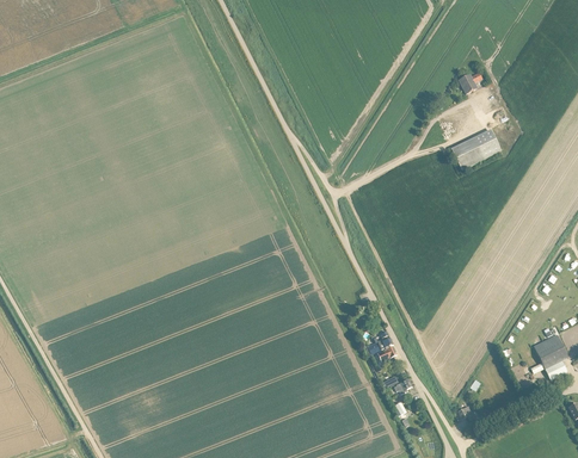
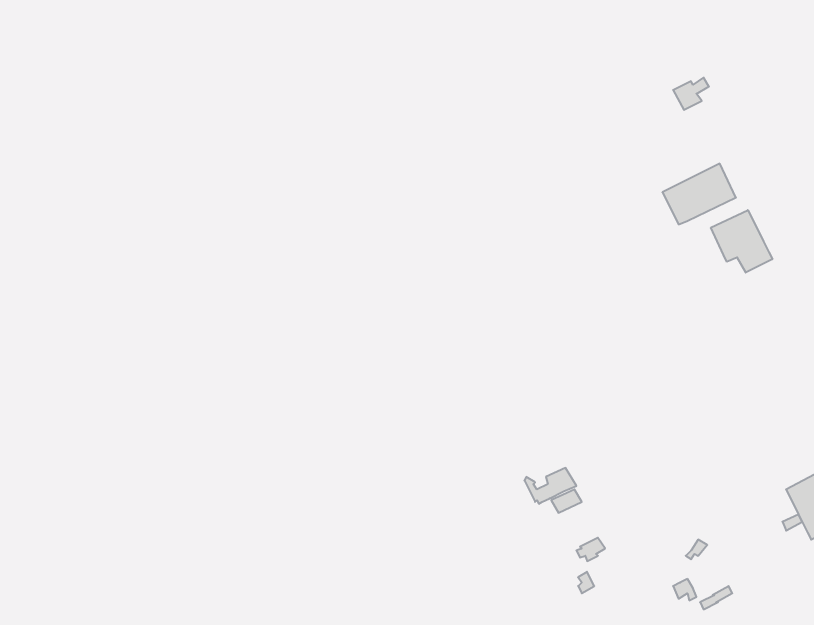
building: none -> [711,210,772,273]

